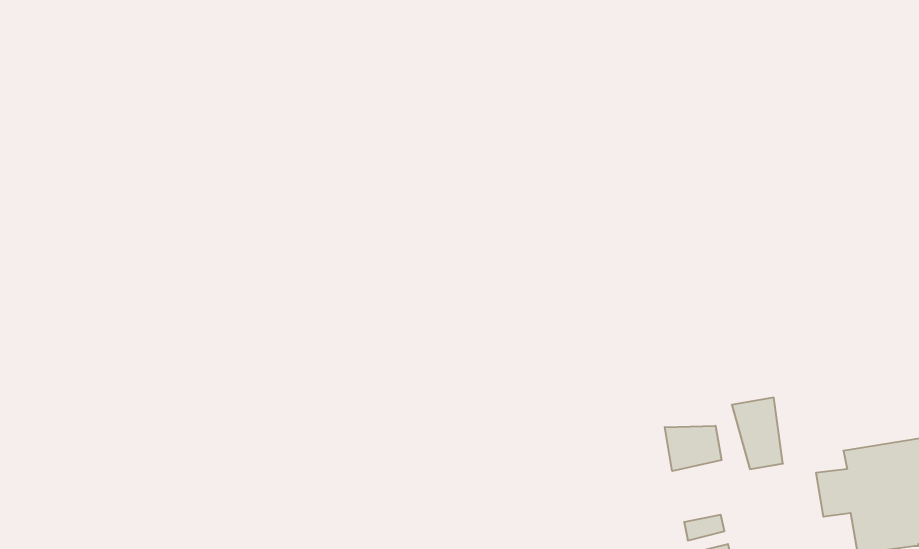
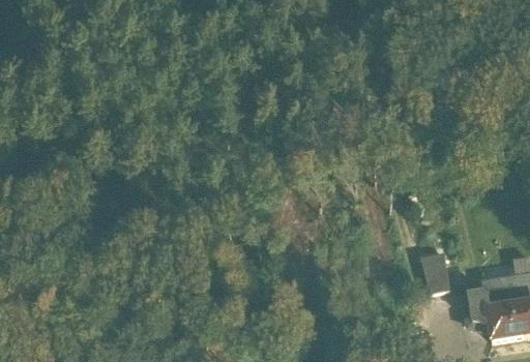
building: [665,426,722,471] -> none

